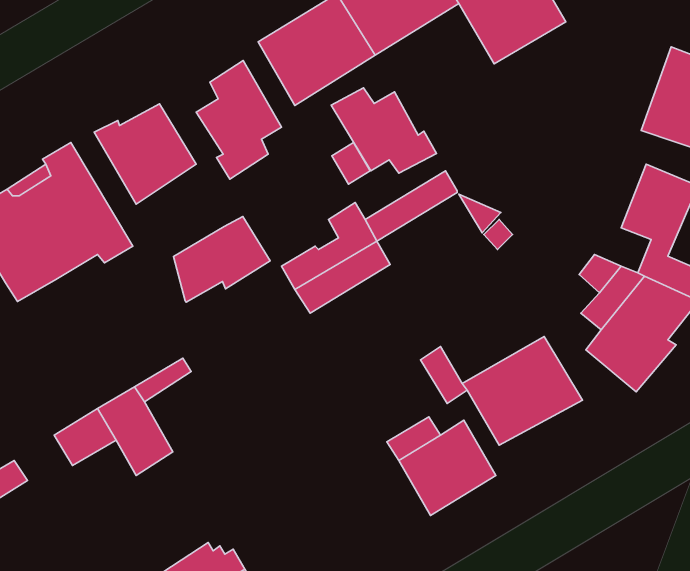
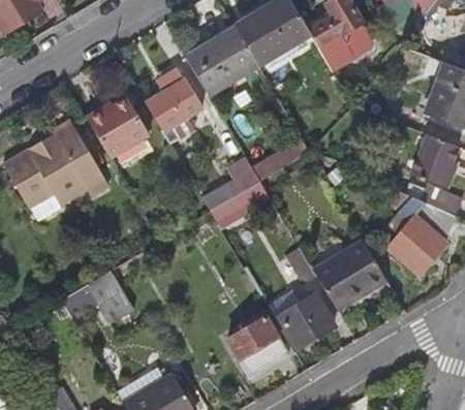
building: [331,88,436,173] -> none
building: [173,216,270,302] -> none
building: none -> [228,317,287,377]

